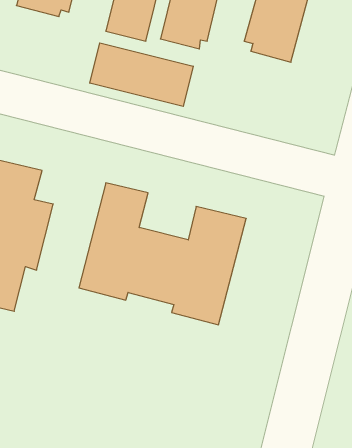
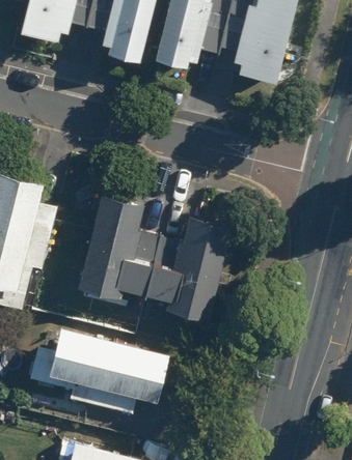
building: [90,43,193,106] -> none
building: none -> [28,328,171,421]

